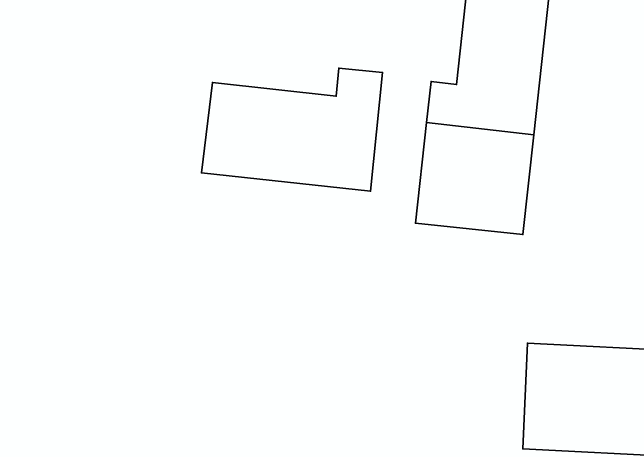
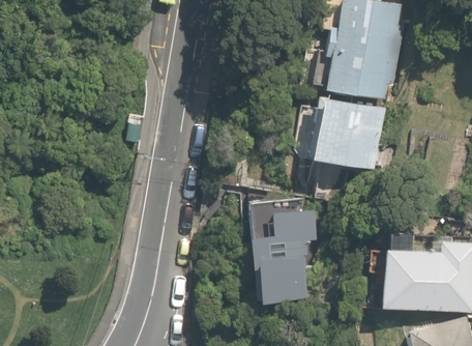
building: [201,68,383,191] -> none
building: none -> [250,209,319,300]

